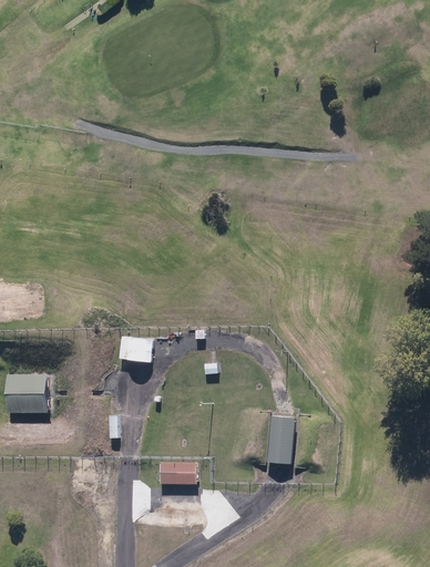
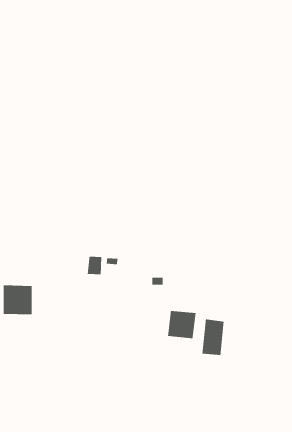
building: none -> [167,310,197,339]
building: [156,462,195,484] -> none

